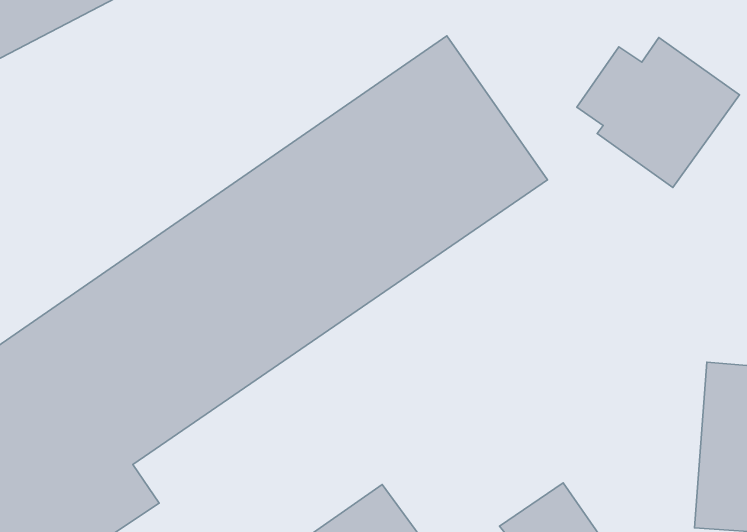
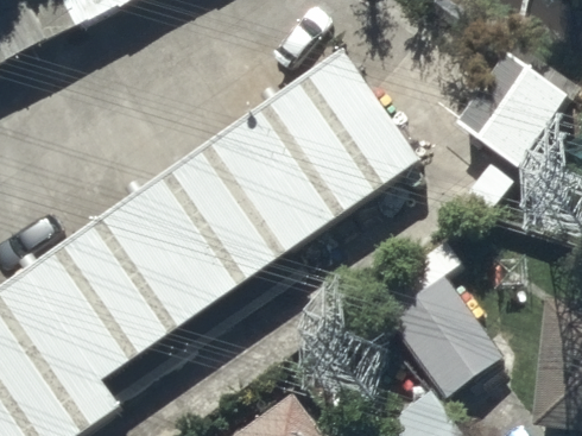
building: none -> [366,242,500,398]

